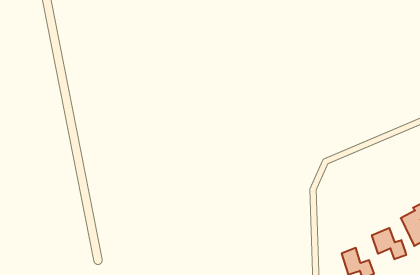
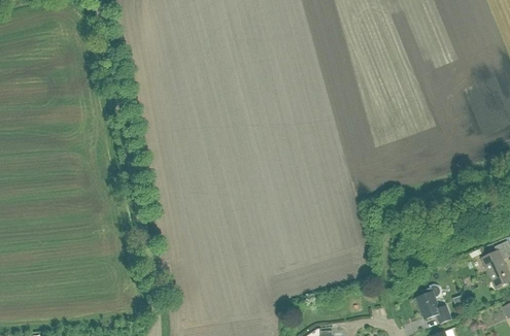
building: [372,228,406,259] -> none

